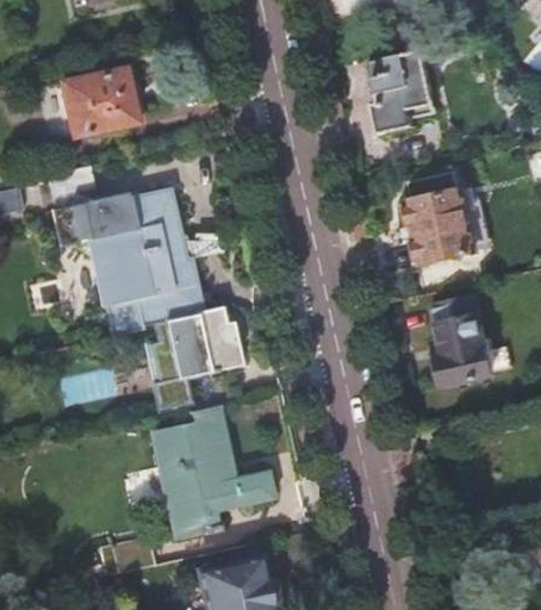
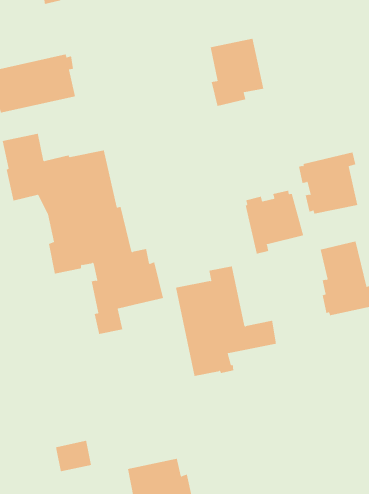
building: [373,52,439,135] -> [210,38,264,106]
building: none -> [245,190,304,254]
building: [151,405,274,539] -> [175,266,277,376]

